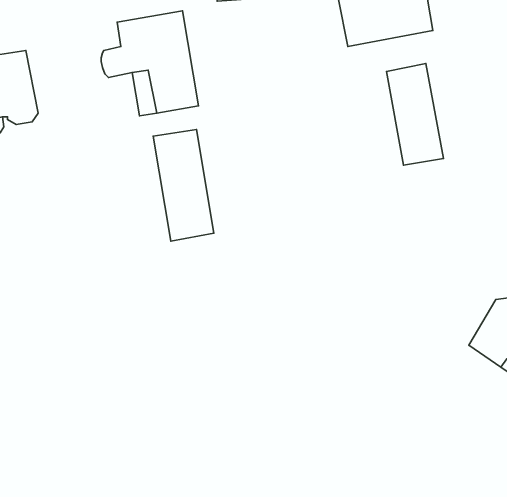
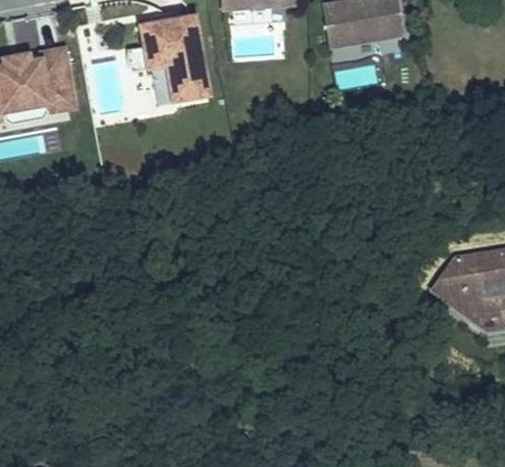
building: [386,63,443,165] -> none
building: [153,130,214,241] -> none

